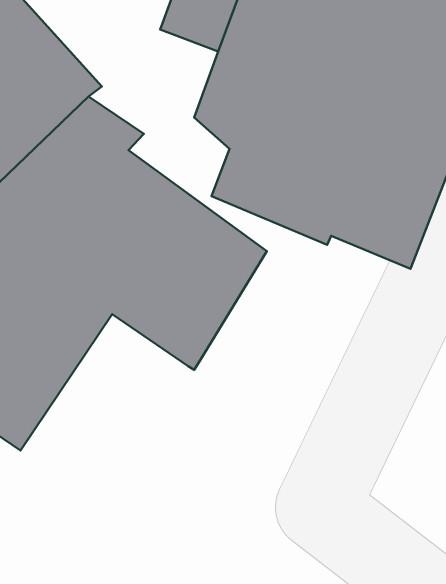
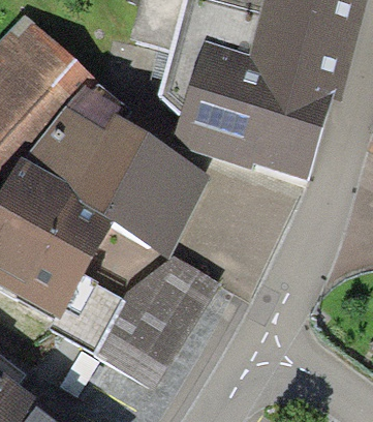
building: none -> [94,254,219,387]

